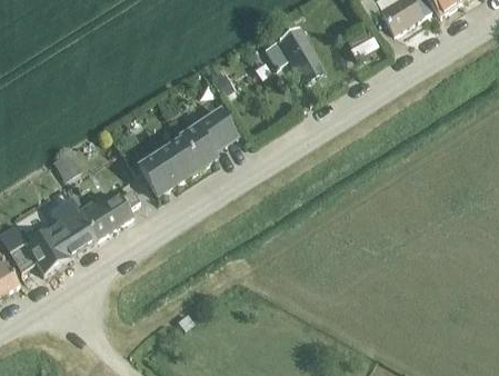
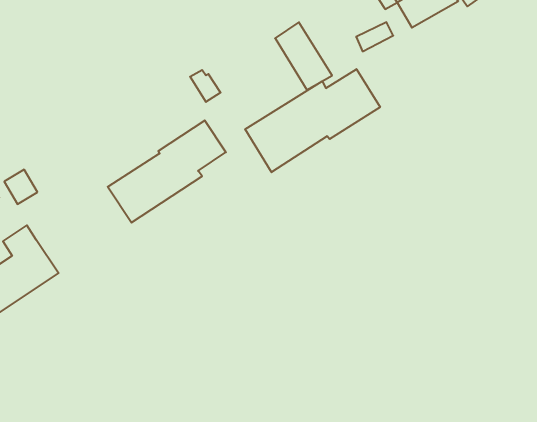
building: none -> [245,69,380,172]
building: [78,190,139,238] -> none

